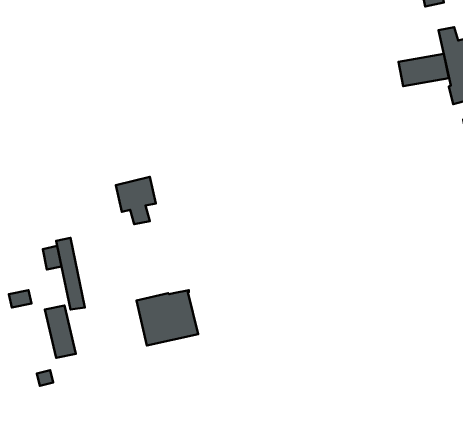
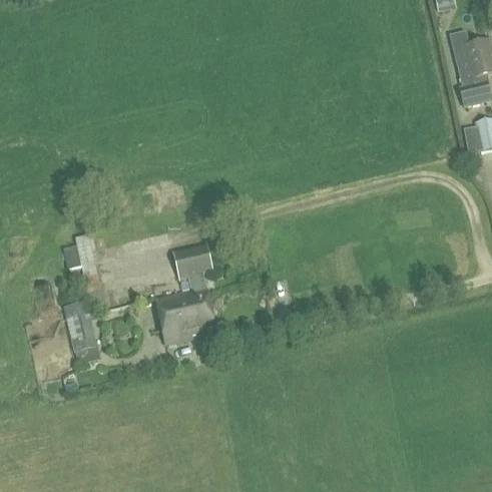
building: [398,54,449,86] -> none
building: [116,177,156,224] -> [172,244,211,291]

